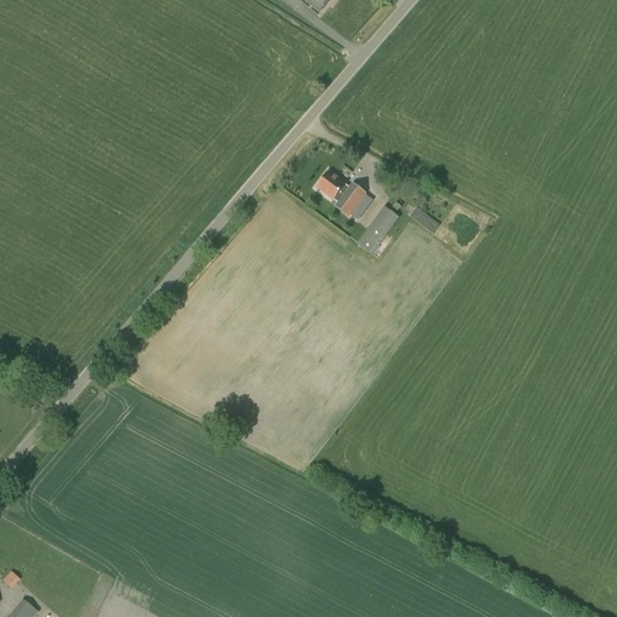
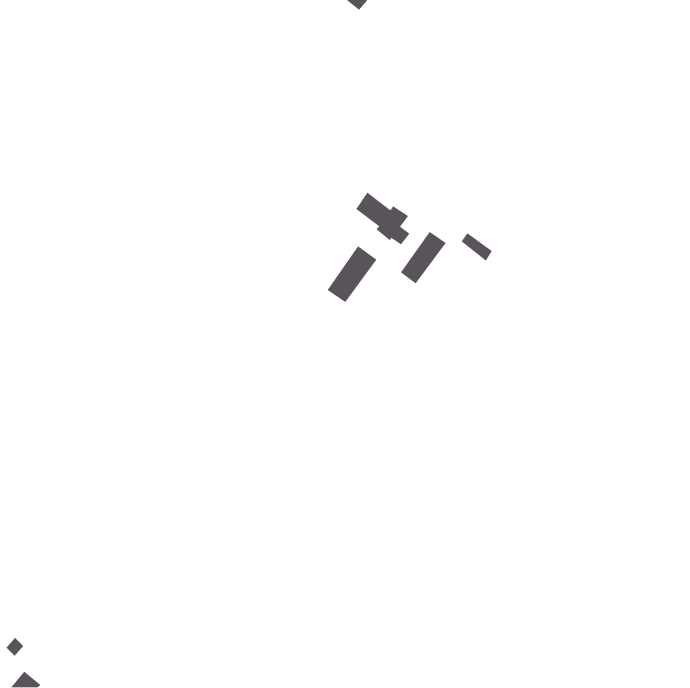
building: none -> [326,245,377,303]

